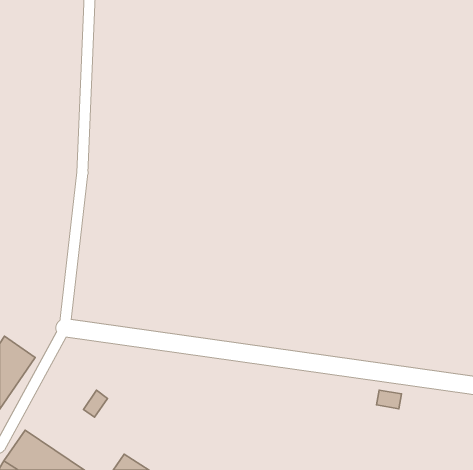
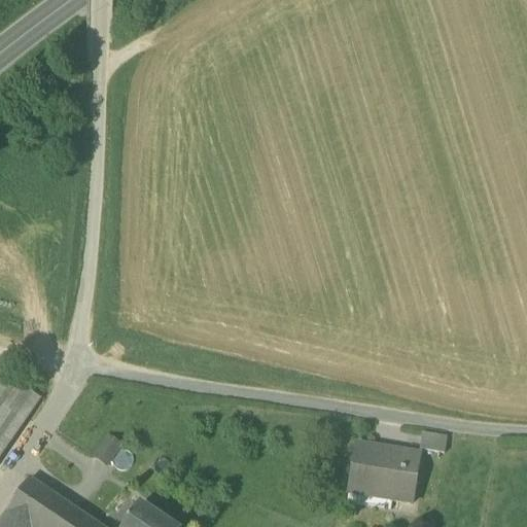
building: none -> [348,446,418,503]

